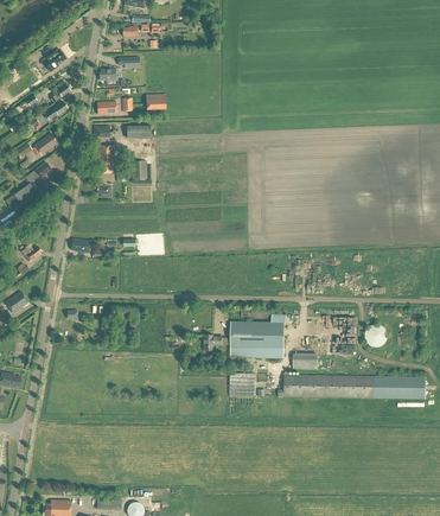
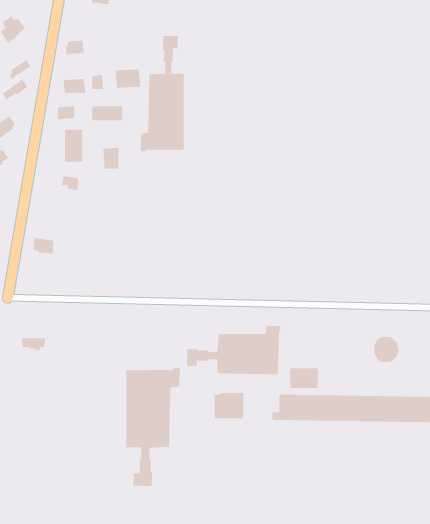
building: none -> [140,35,184,152]
building: none -> [126,368,180,487]

